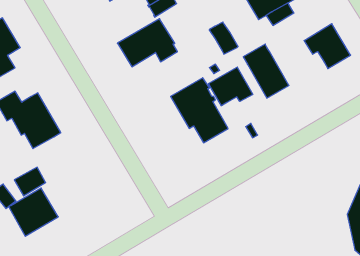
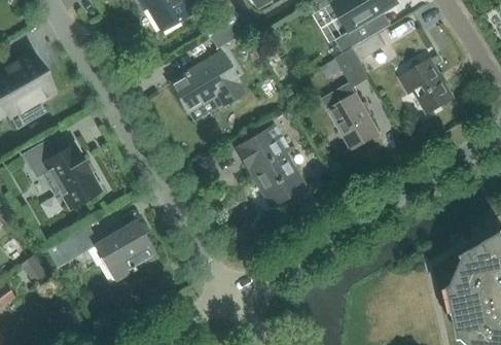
building: [209,22,238,54] -> [334,48,369,88]
building: [209,67,253,106] -> none
building: [8,188,58,236] -> [95,221,155,280]

